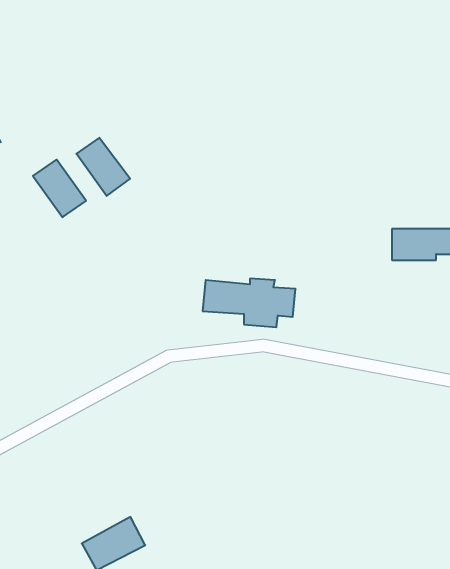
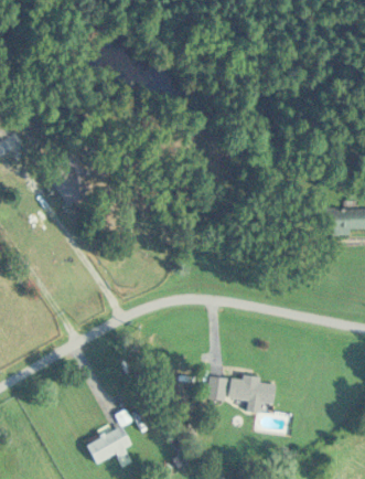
building: [76,138,130,196] -> none
building: [203,279,296,327] -> [207,375,277,412]

